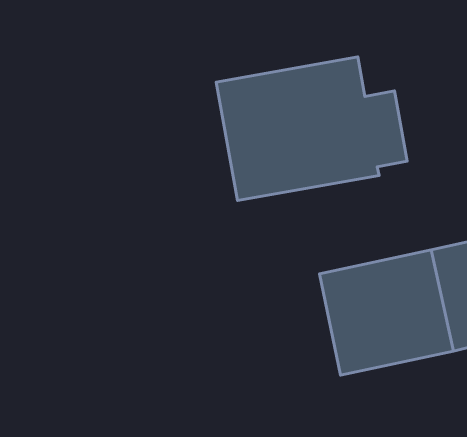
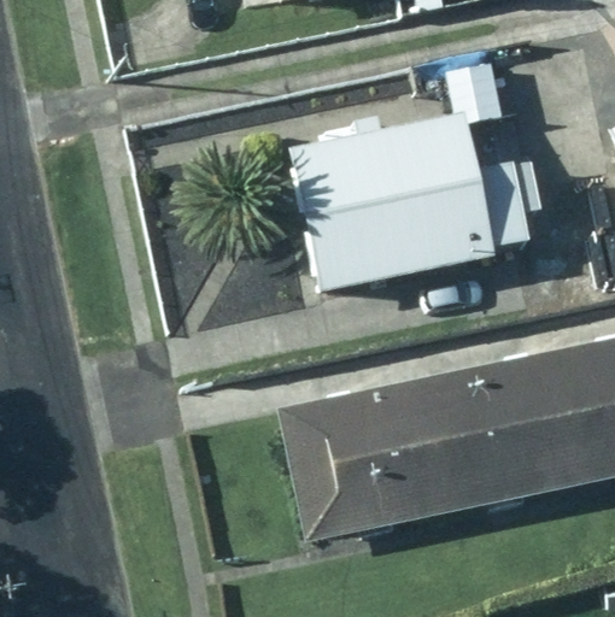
building: none -> [279,383,446,540]

